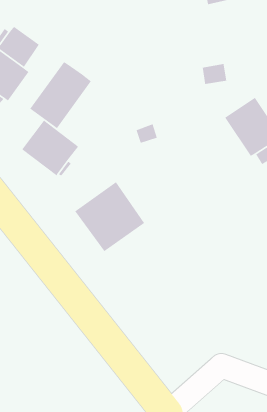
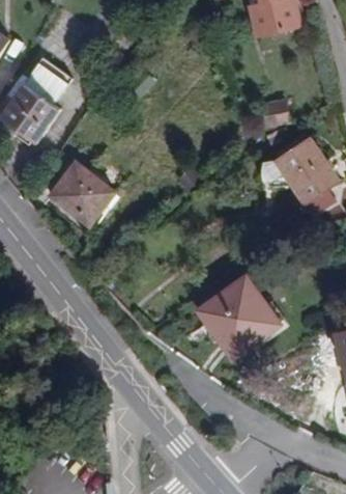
building: [29,61,92,129] -> none
building: [74,181,145,252] -> [200,277,279,356]

